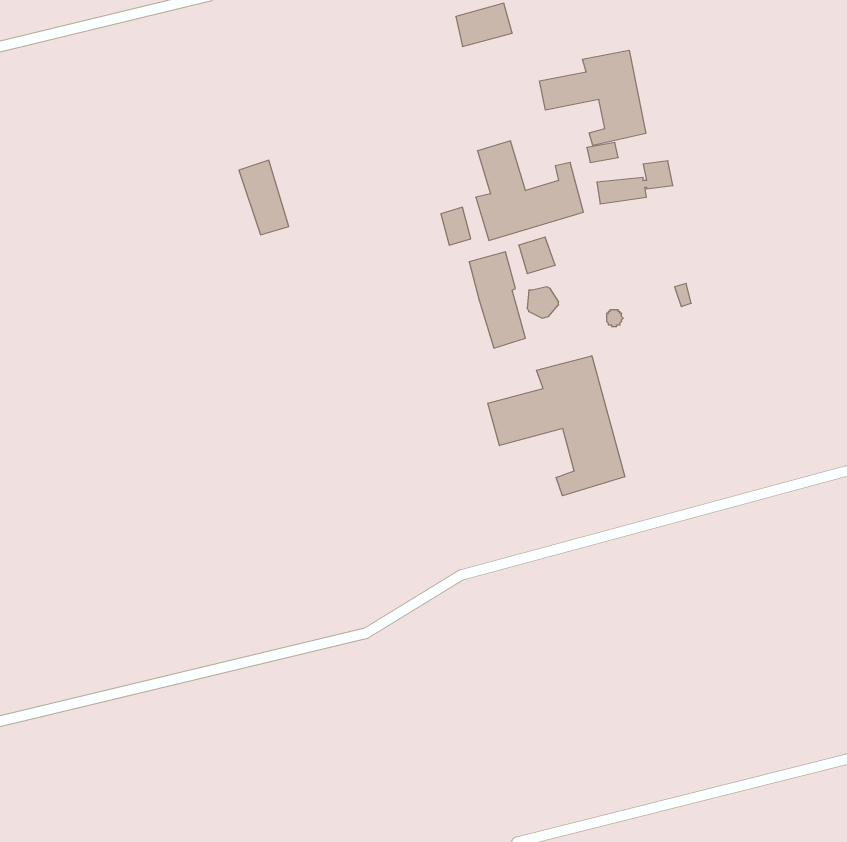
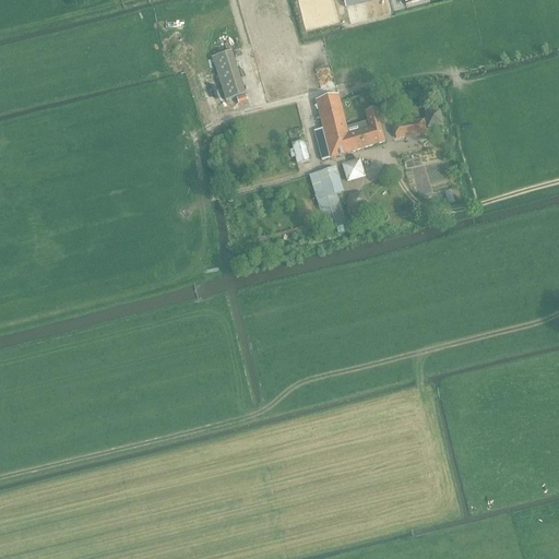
building: [540,50,646,145] -> none
building: [239,160,289,235] -> [211,49,243,98]
building: [488,356,625,496] -> none

